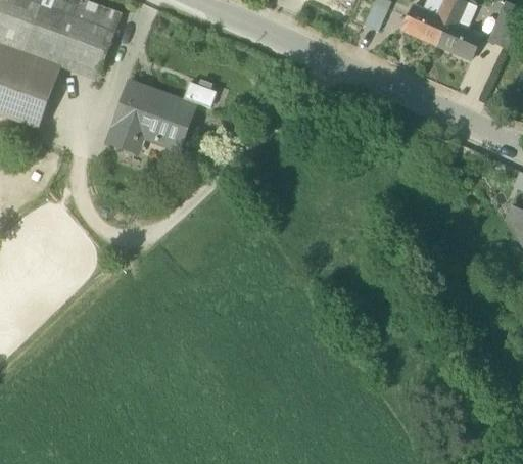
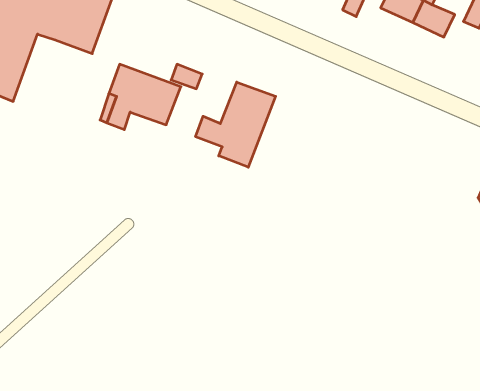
building: [17,52,61,129] -> none
building: none -> [196,82,276,167]

